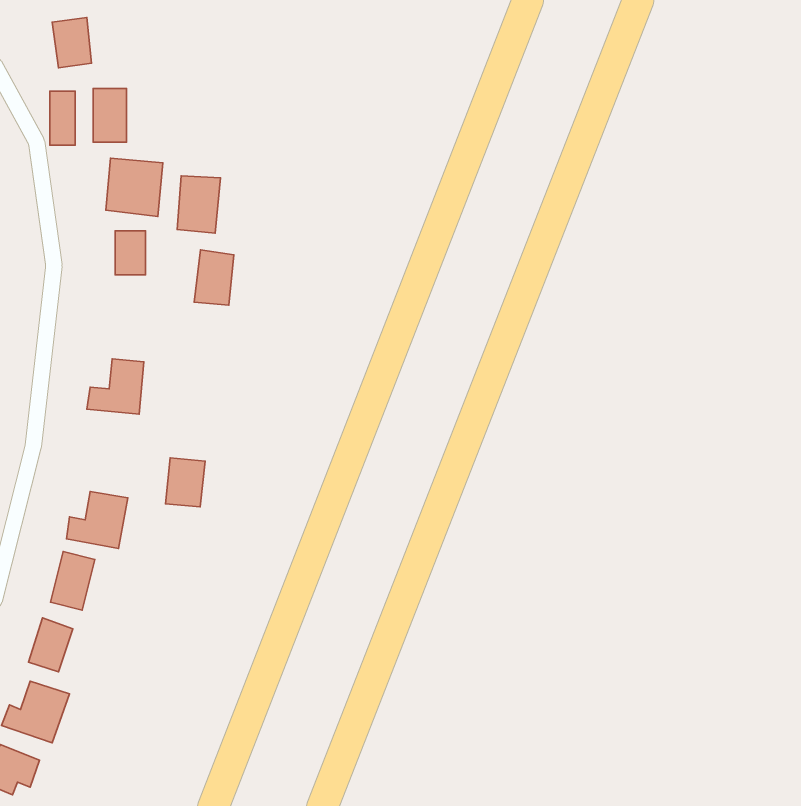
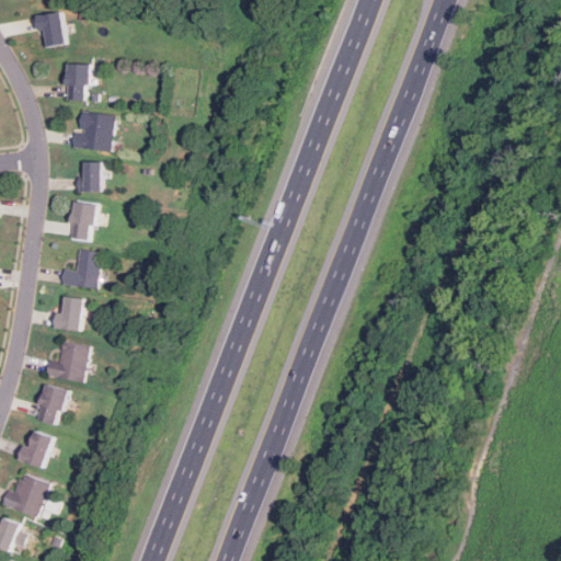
building: [50,91,75,145] -> none
building: [177,176,220,233] -> none
building: [194,250,234,305] -> [68,202,95,240]
building: [166,458,205,507] -> [55,296,82,330]

